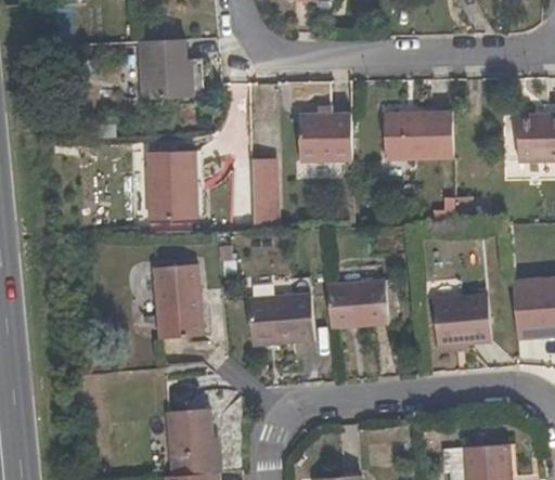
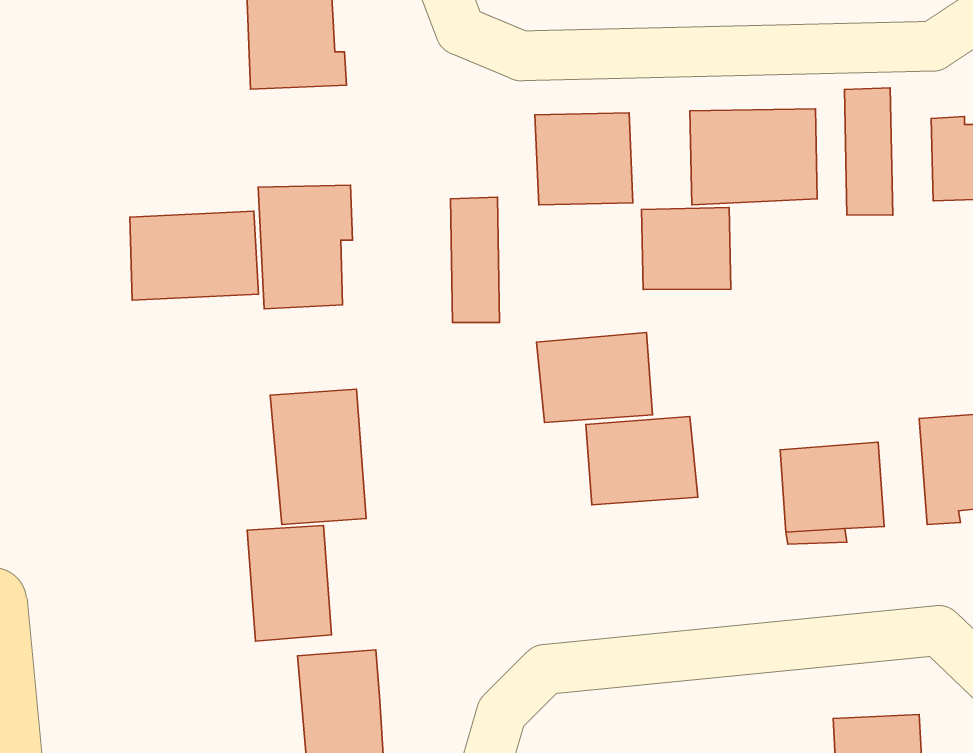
building: none -> [844,88,893,215]
building: none -> [642,208,731,290]
building: none -> [130,211,259,300]
building: [248,294,312,343] -> [537,332,652,423]
building: none -> [247,526,332,641]

